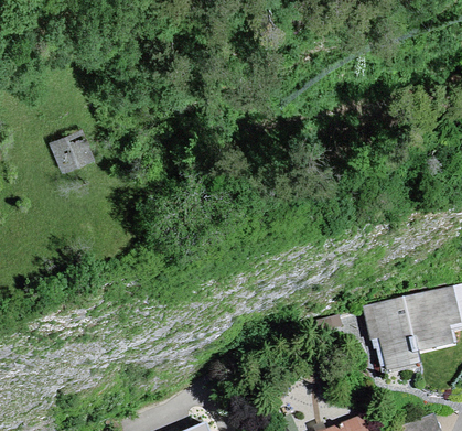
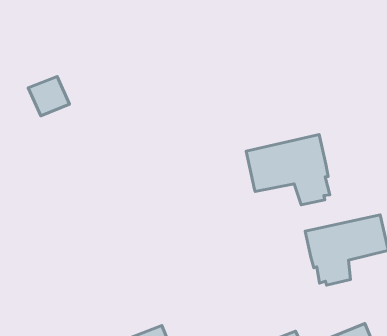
building: none -> [246,135,330,205]

